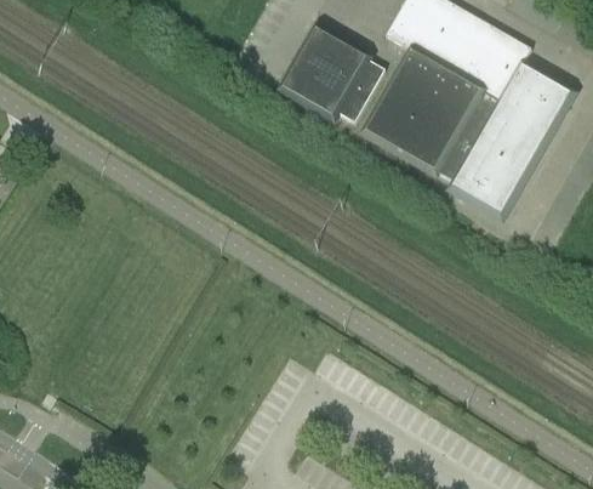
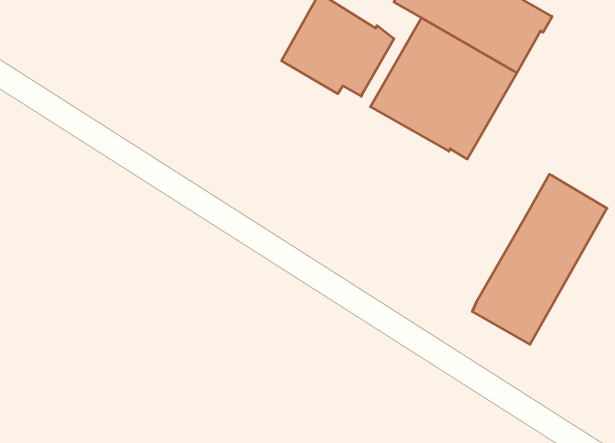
building: [449,61,574,218] -> [472,174,607,344]

